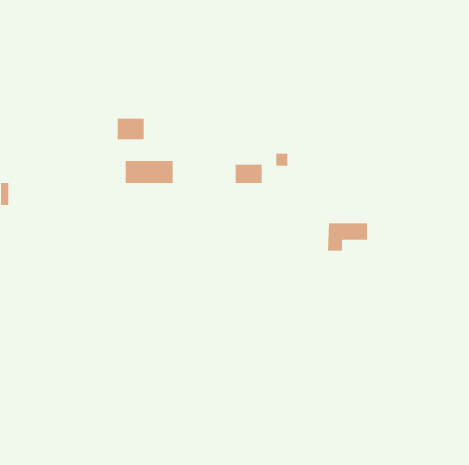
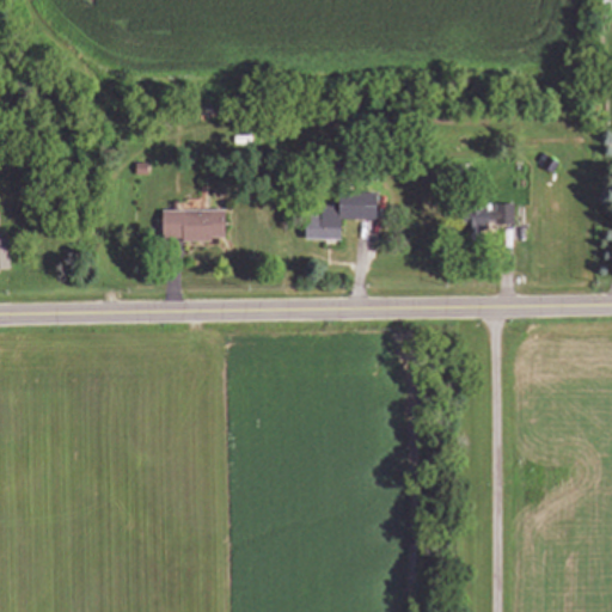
building: [117,118,144,140] -> none
building: [327,223,368,251] -> [463,202,515,239]

